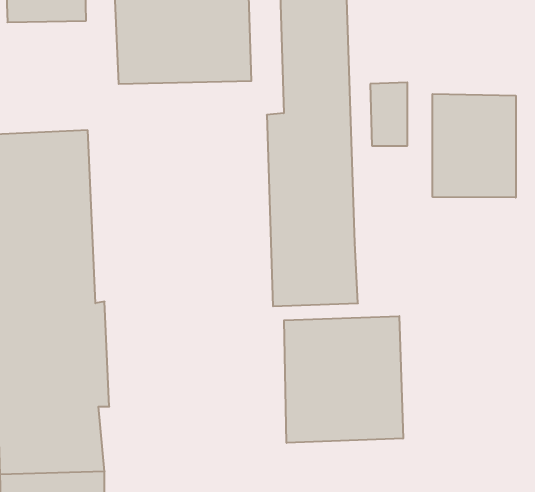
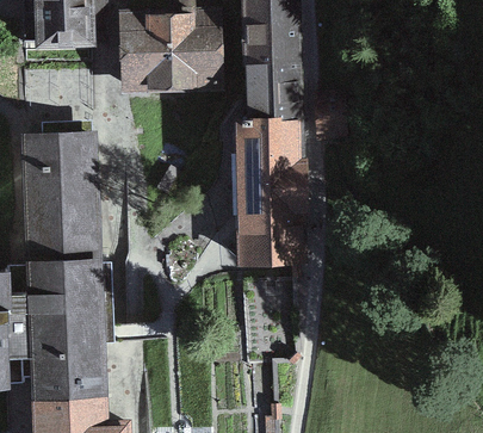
building: [433,94,516,198] -> none
building: [284,316,403,443] -> none

